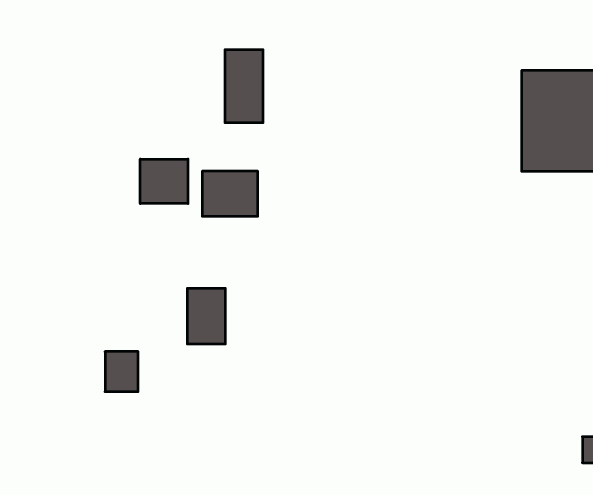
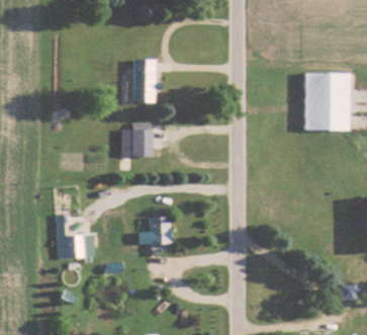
building: [140,159,188,204] -> none
building: [187,288,225,344] -> [149,218,171,250]

